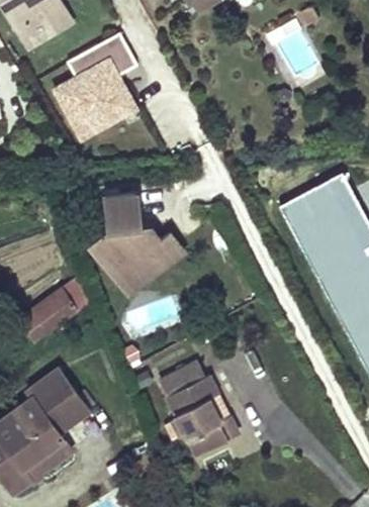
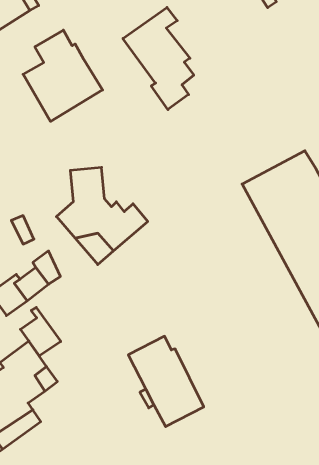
building: none -> [123,7,194,110]
building: [94,35,135,79] -> none
building: none -> [20,307,61,356]

